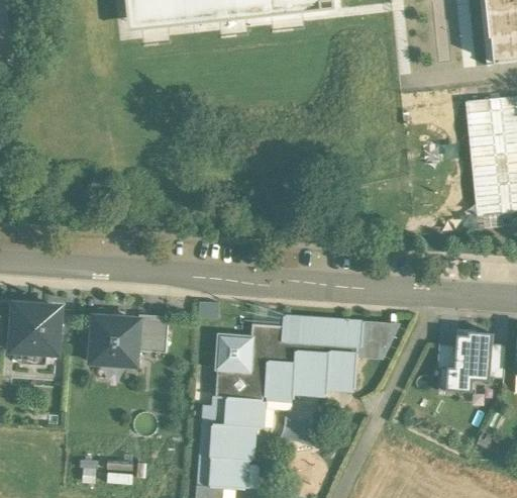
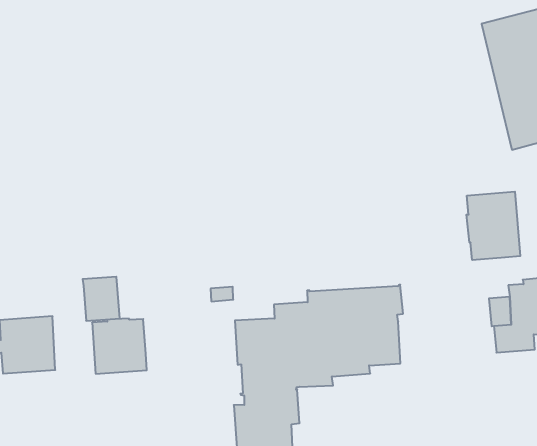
building: none -> [466,192,520,260]
building: [137,312,169,351] -> [83,277,120,321]
building: [358,319,398,354] -> none

